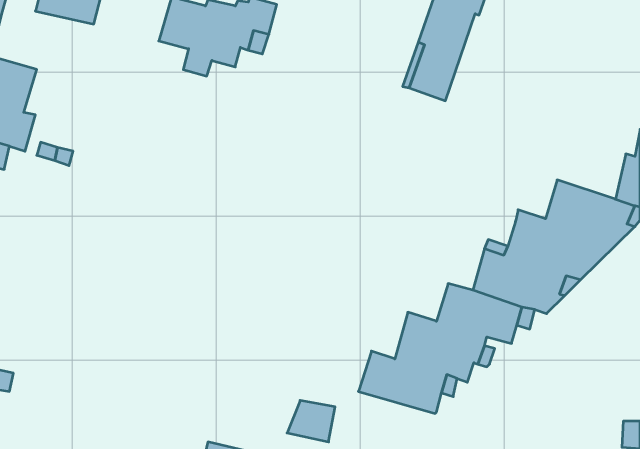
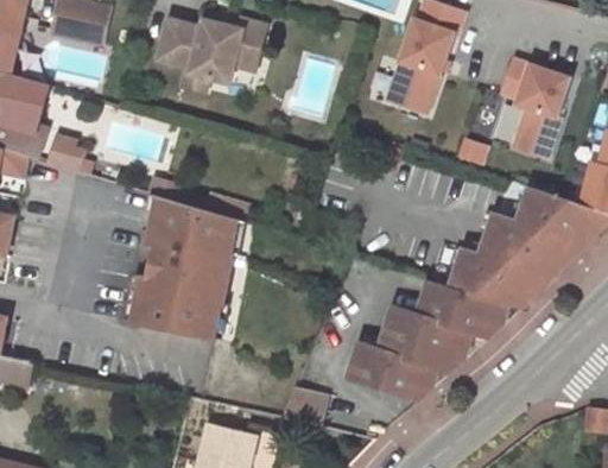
building: none -> [501,58,569,157]
building: none -> [133,196,236,339]

